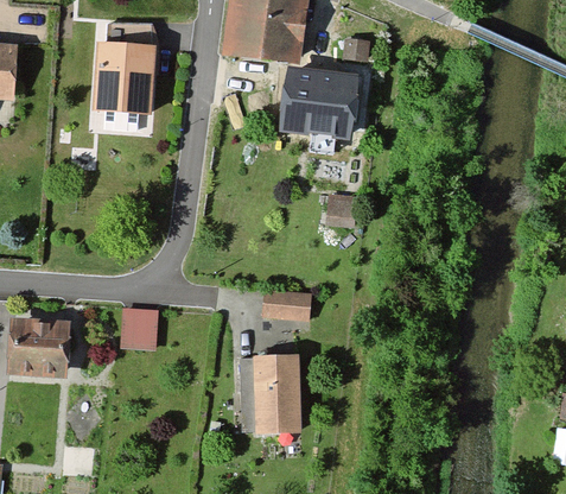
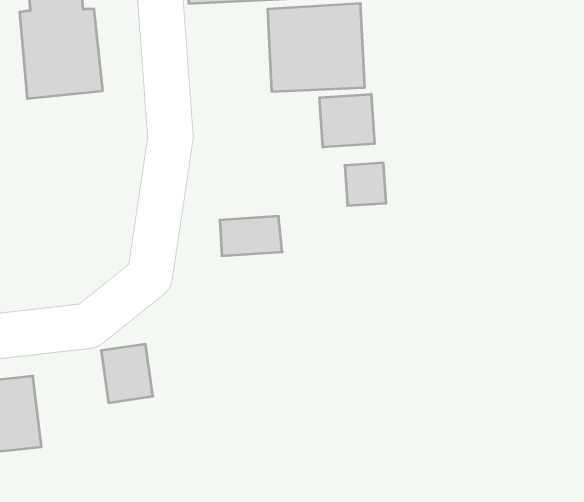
building: none -> [320,94,374,147]
building: [262,289,310,319] -> [220,216,282,256]
building: [241,354,299,432] -> none

